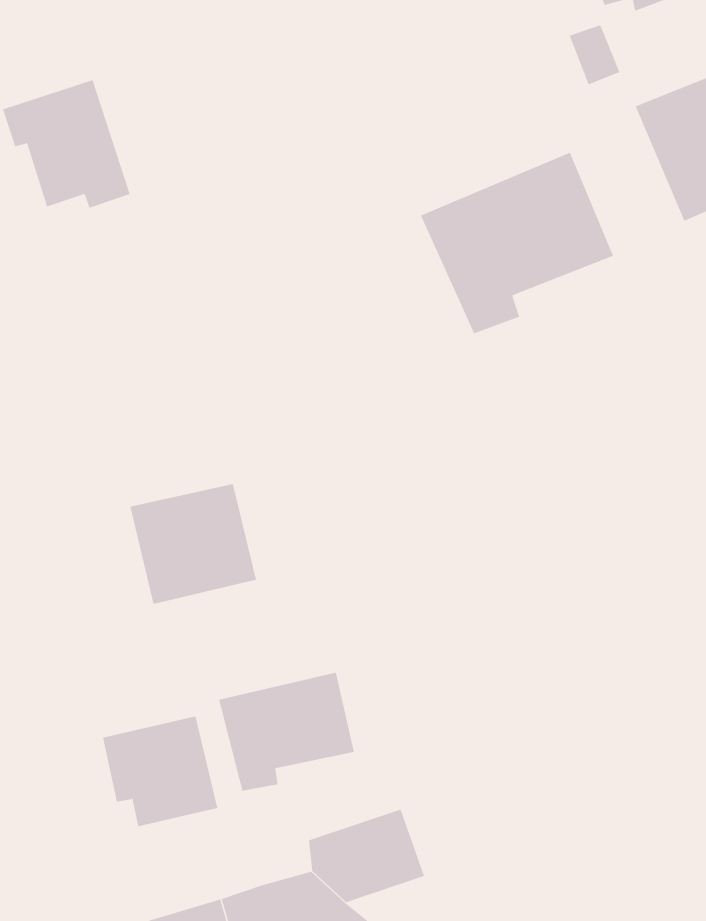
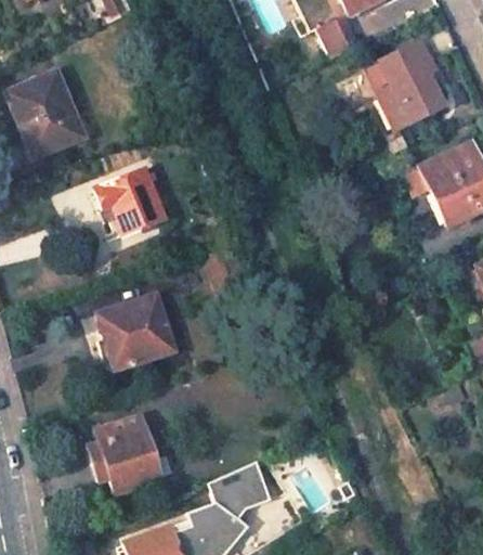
building: [420,152,614,334] -> none
building: none -> [94,171,164,234]
building: [218,672,355,791] -> none

